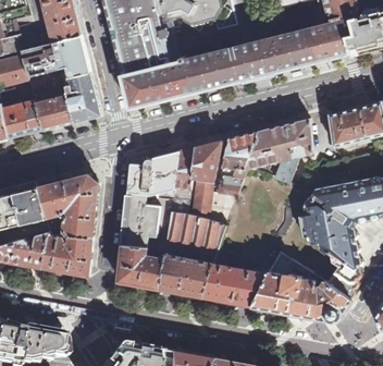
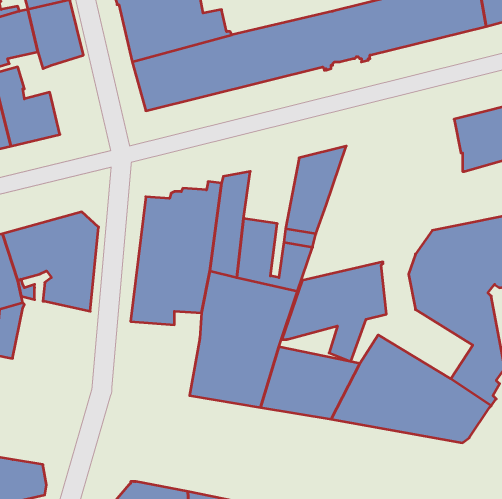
building: [65,71,100,122] -> none
building: [245,118,312,182] -> [282,262,386,361]
building: [192,139,222,180] -> none
building: [42,230,92,276] -> none
building: [114,243,163,291] -> none

